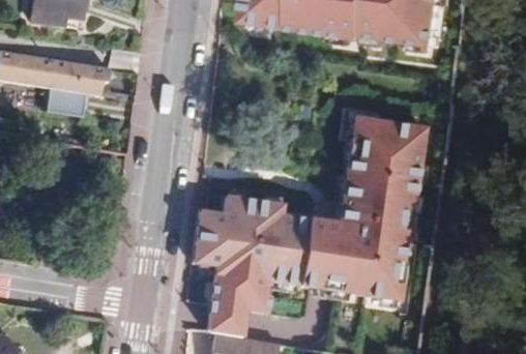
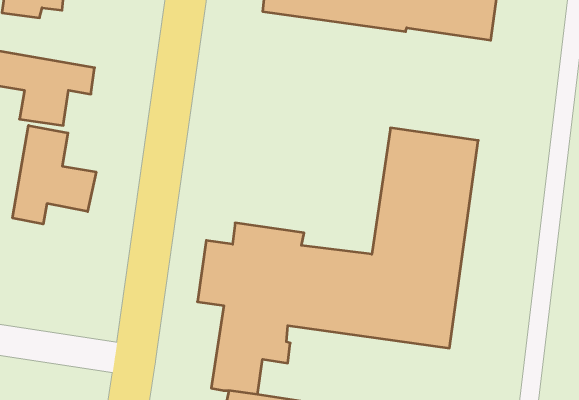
building: none -> [13,125,96,224]

